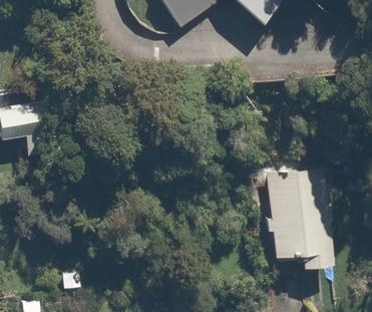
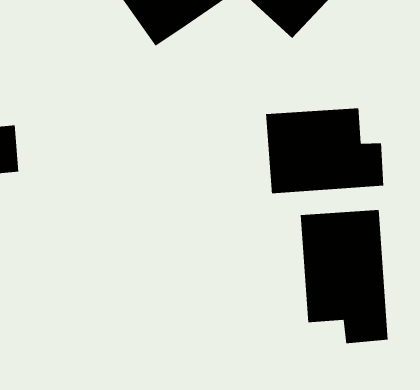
building: none -> [265,107,384,194]

